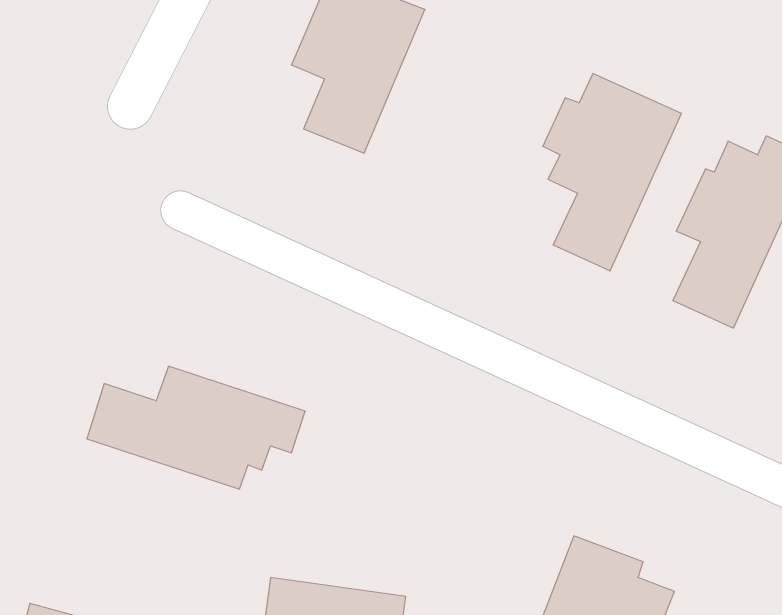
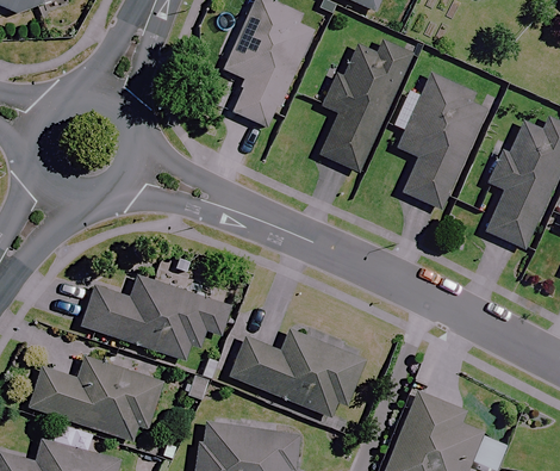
building: none -> [319,43,406,173]
building: none -> [230,330,365,417]
building: none -> [31,357,163,441]

